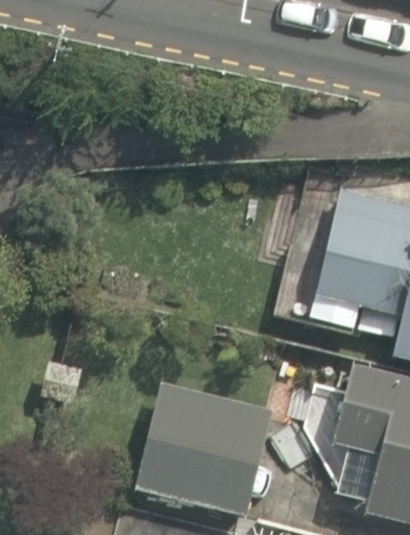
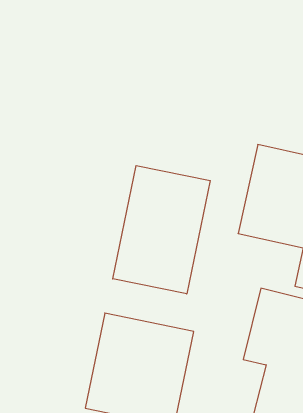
building: none -> [113,166,210,294]

